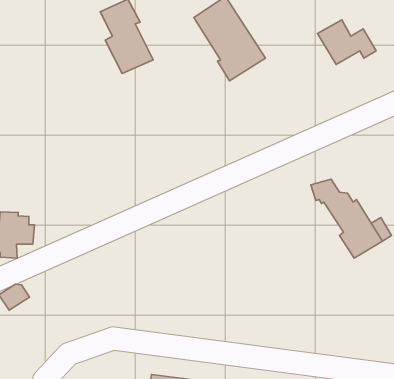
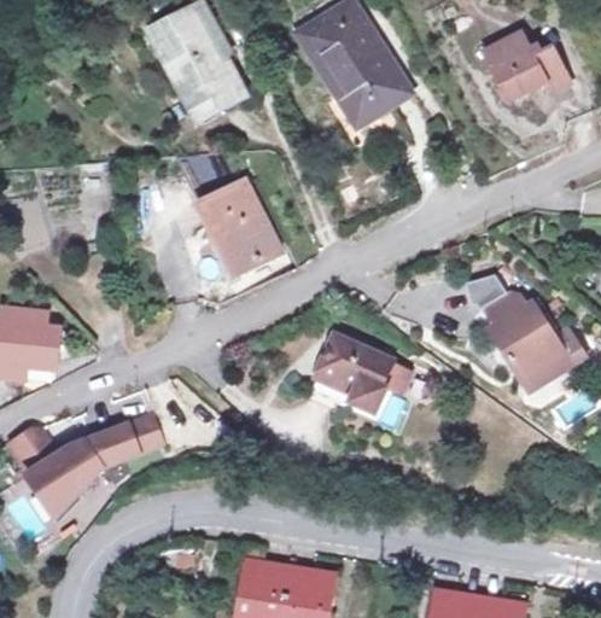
building: none -> [173,157,274,276]
building: none -> [328,343,403,420]
building: none -> [33,414,163,508]

